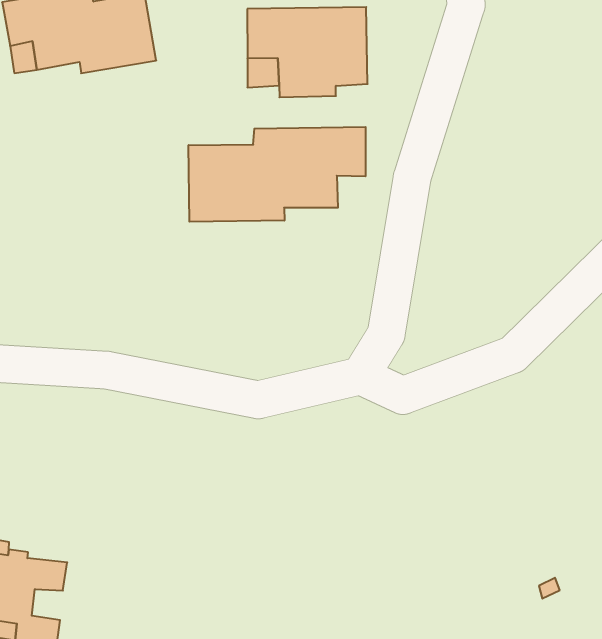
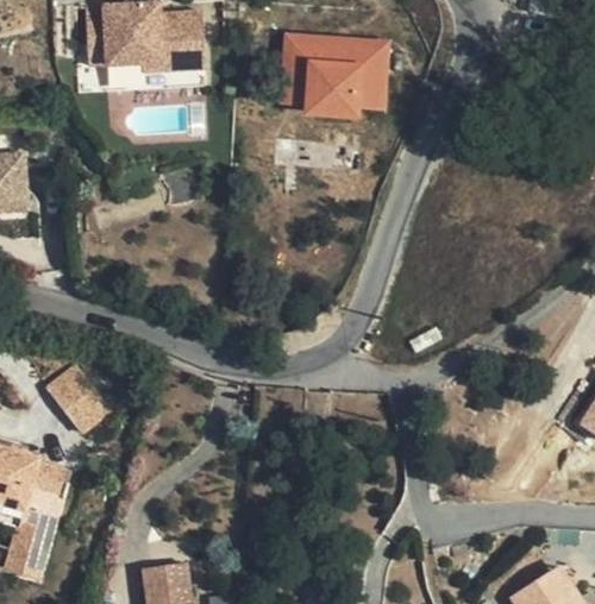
building: [189,127,366,222] -> none
building: none -> [48,364,111,430]

